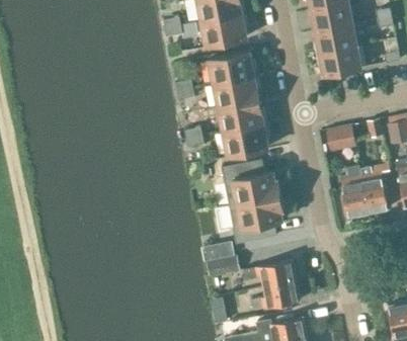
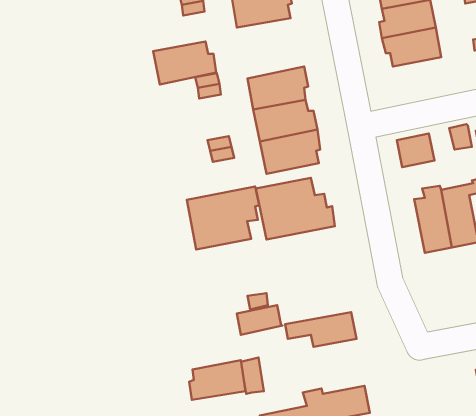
building: [209,52,256,84] -> [153,42,216,85]
building: [228,195,282,243] -> [187,186,259,249]
building: [260,280,299,308] -> none
building: none -> [189,360,246,400]

